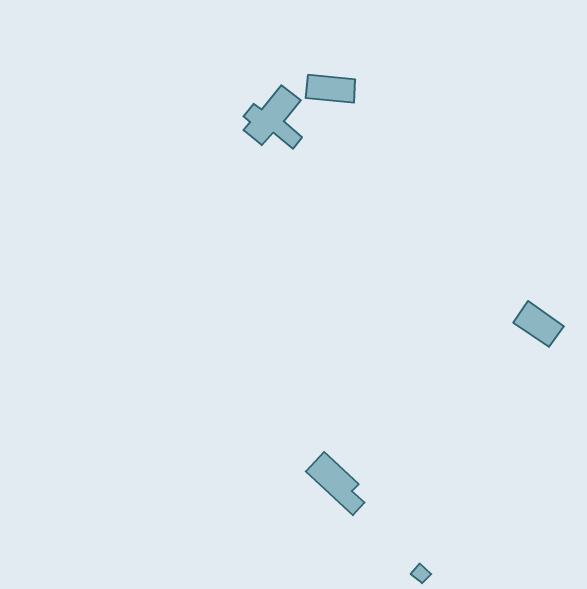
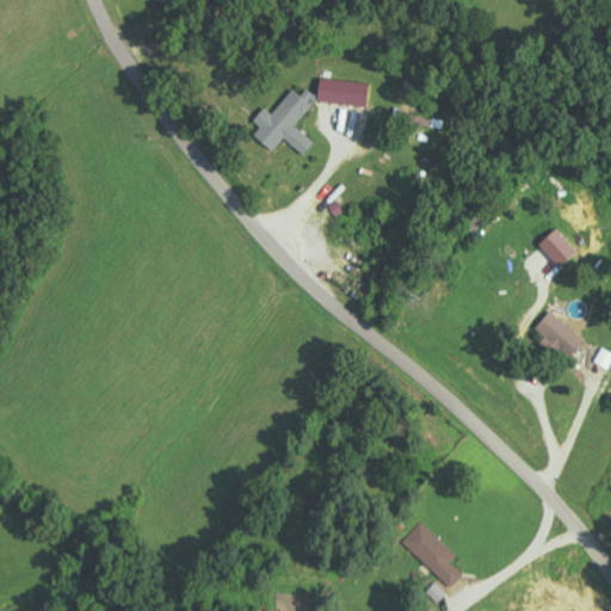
building: none -> [537,228,576,267]
building: [306,452,365,515] -> [401,523,462,588]

